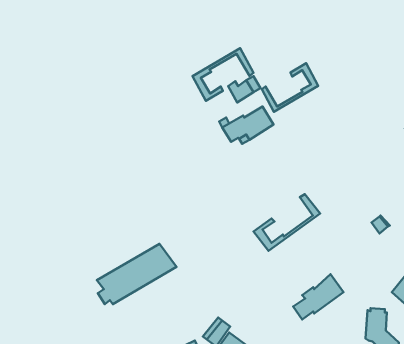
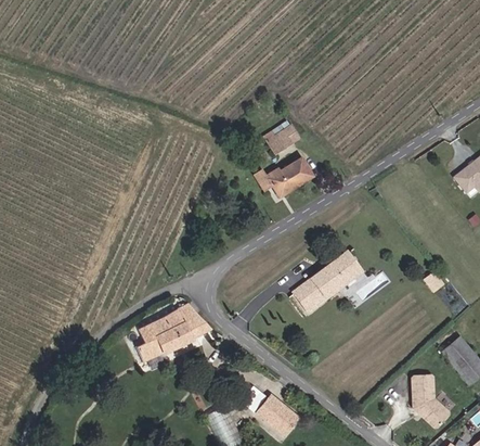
building: [193,48,254,101] -> none
building: [262,63,318,112] -> none
building: [293,274,344,320] -> [302,253,356,302]

